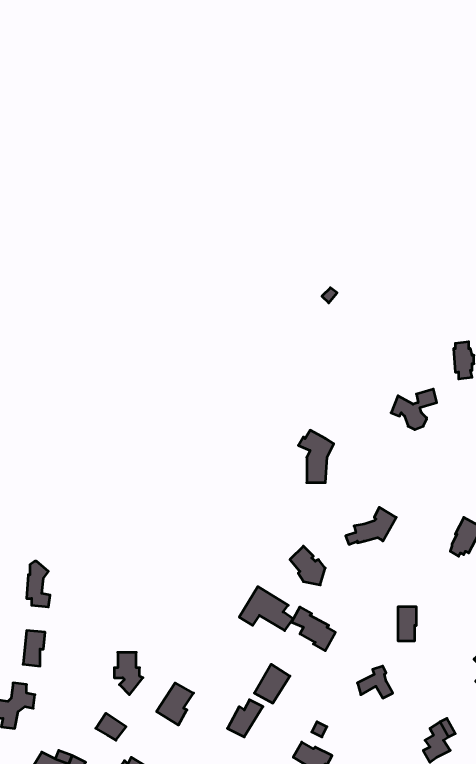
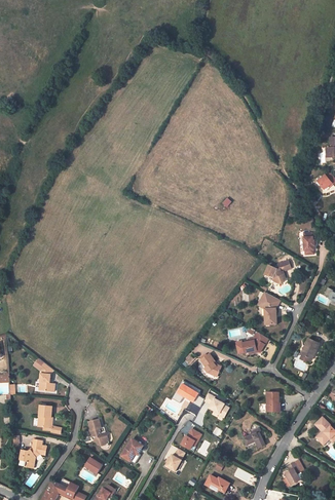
building: [298,430,334,483] -> [259,293,281,324]

